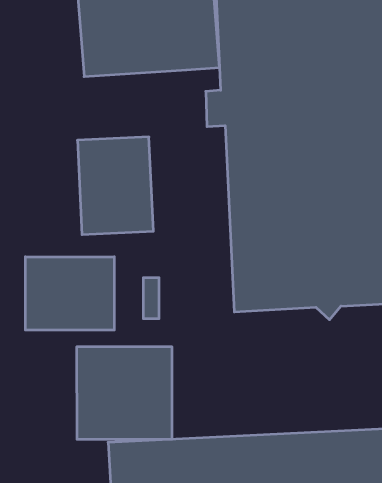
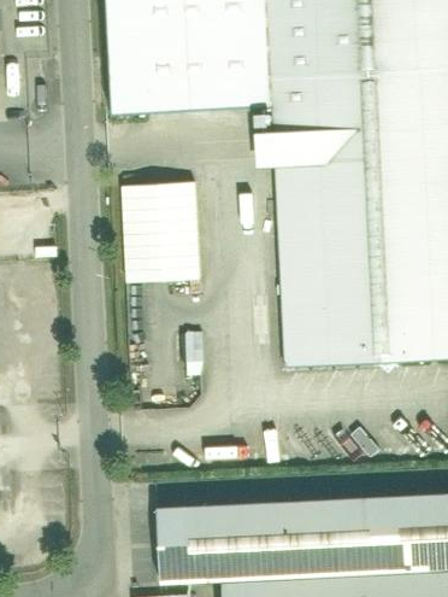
building: [25,257,114,330] -> none
building: [77,347,172,439] -> none

